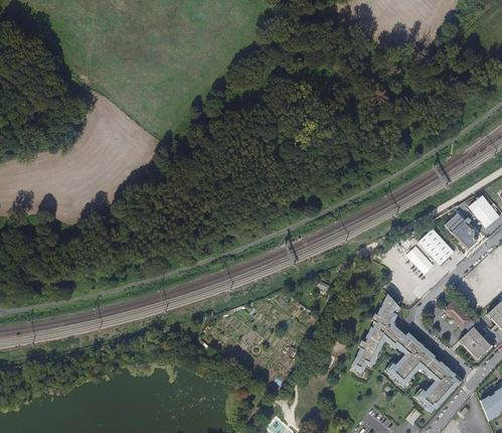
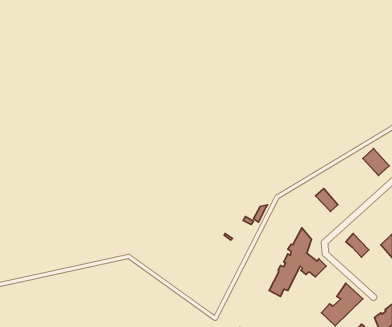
building: [443,211,477,250] -> none
building: [417,228,453,265] -> none
building: [460,327,490,358] -> none
building: [386,340,444,388] -> none

